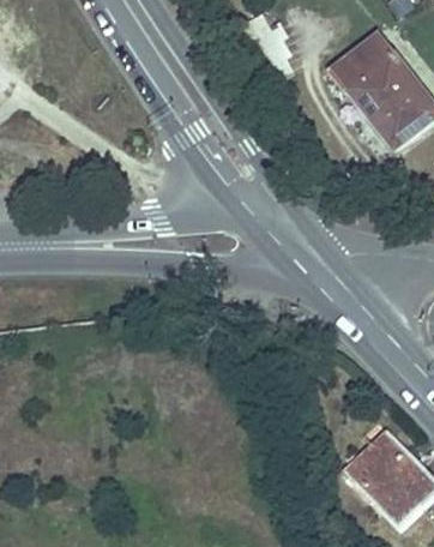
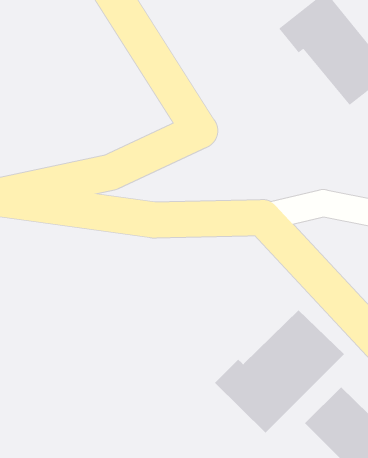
building: none -> [214,310,345,434]

